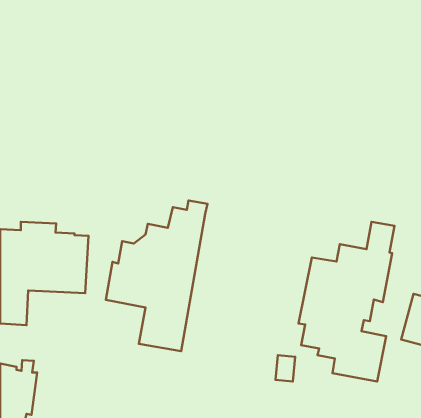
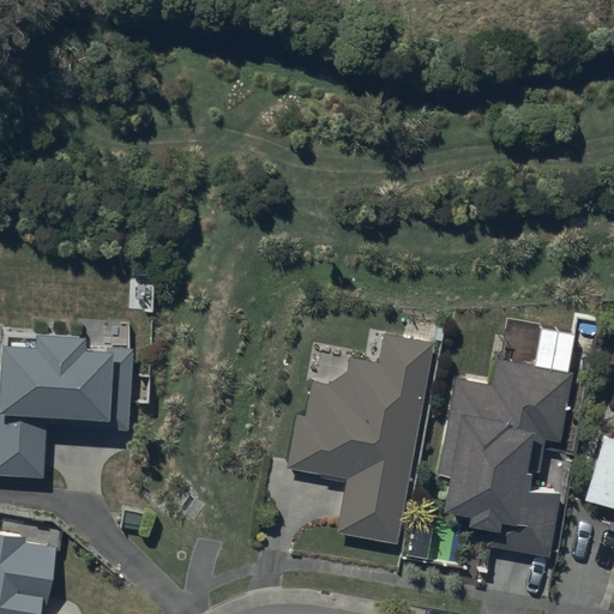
building: [106,201,207,351] -> [288,326,435,544]

